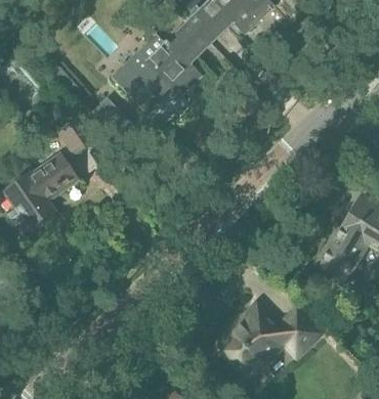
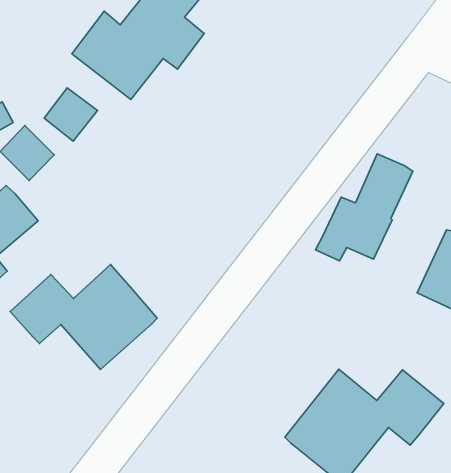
building: none -> [316,154,413,261]
building: none -> [10,265,157,369]

